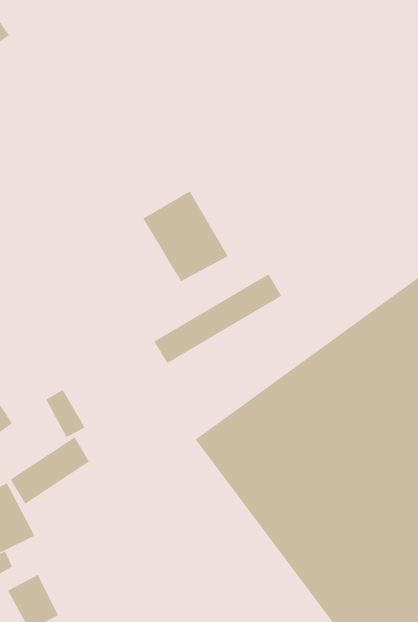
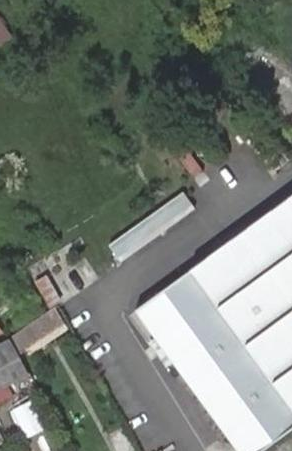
building: [142,191,229,282] -> none

